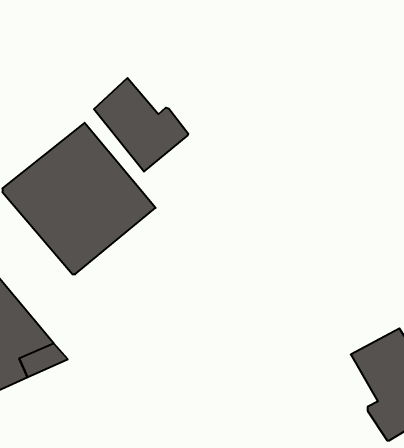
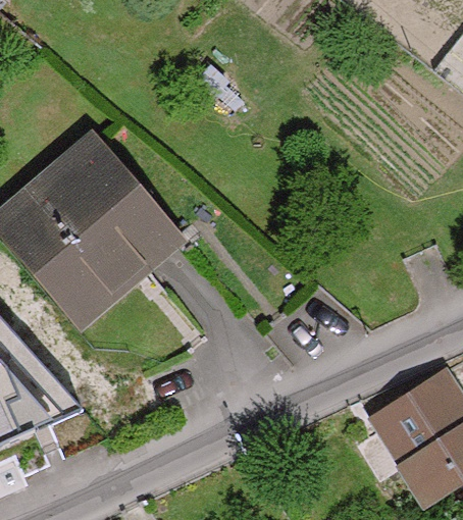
building: [94,78,188,172] -> none

